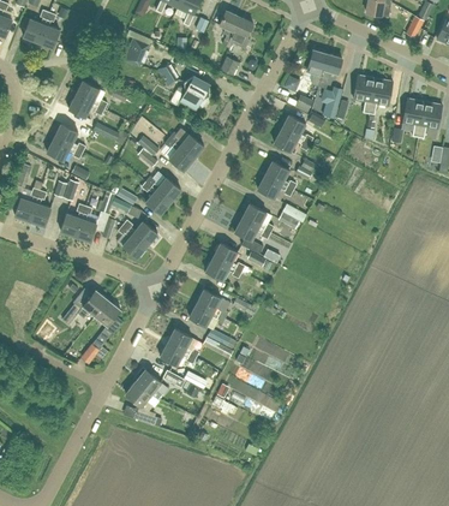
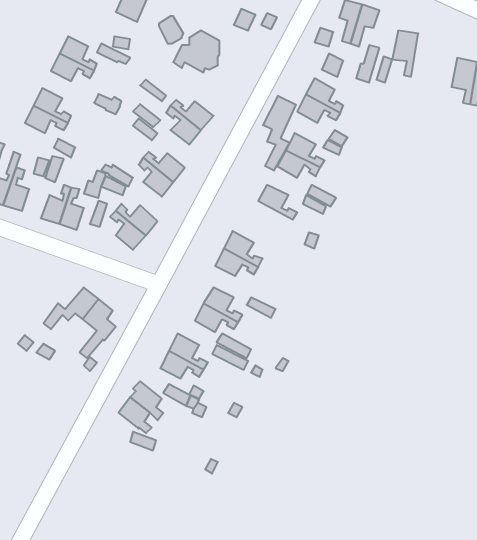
building: [369,78,393,115] -> none
building: none -> [263,96,296,171]
building: [234,218,270,255] -> none

